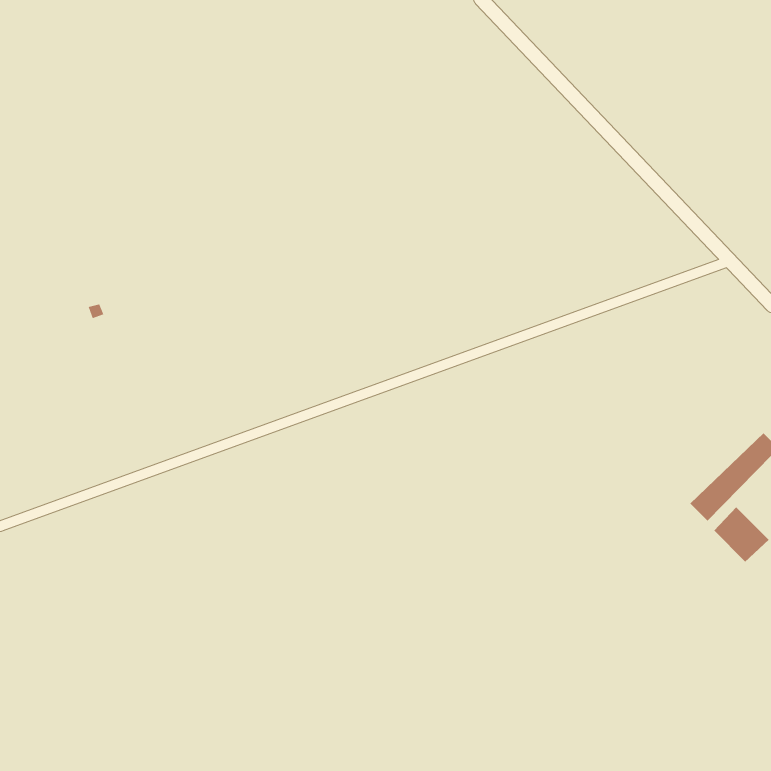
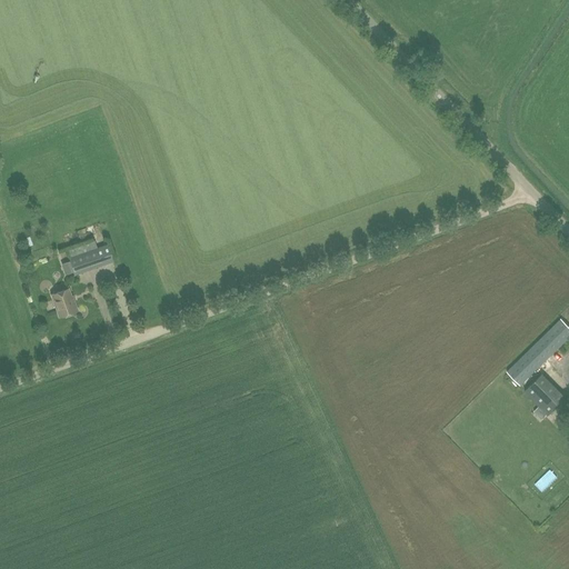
building: none -> [70,247,103,273]
building: none -> [52,287,78,316]

